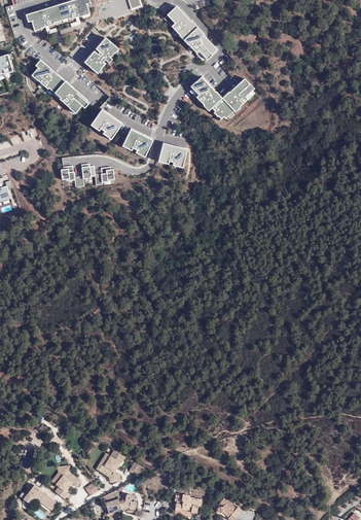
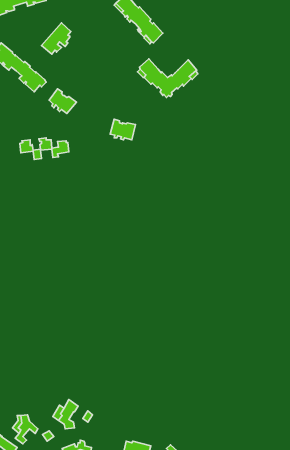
building: [122,130,152,154] -> none

